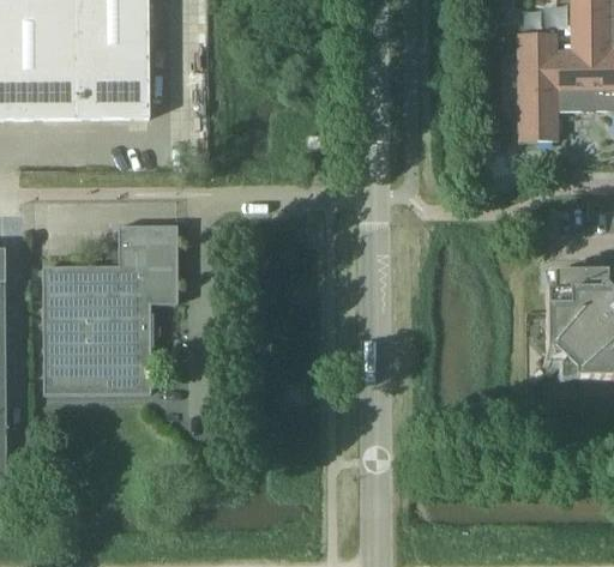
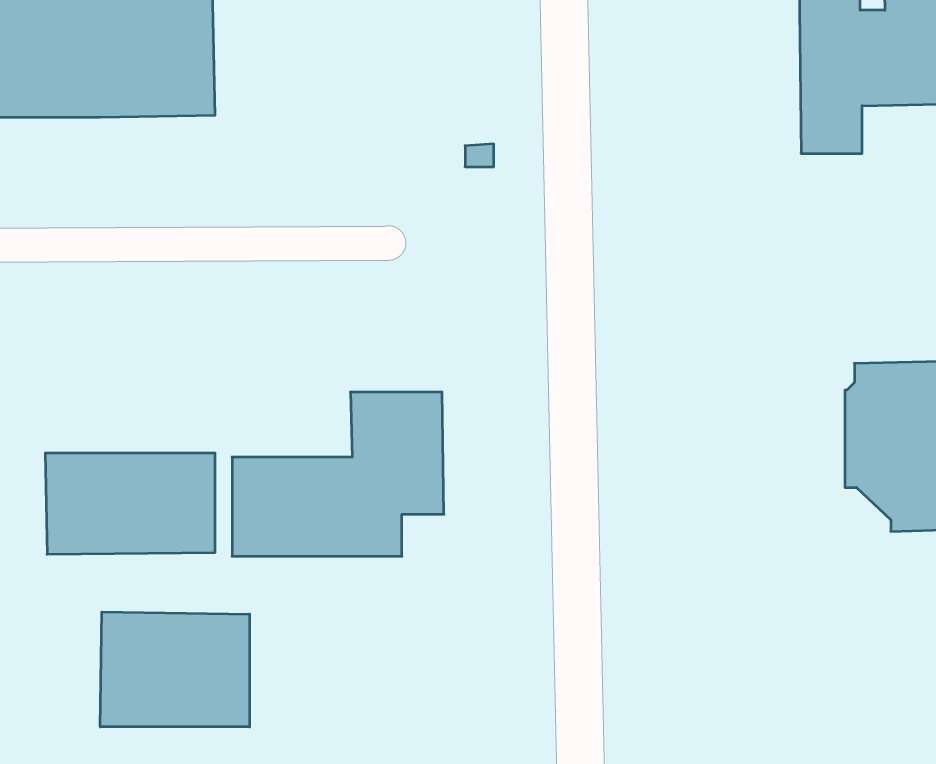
building: [44,225,177,328] -> [232,392,444,556]
building: none -> [100,612,250,727]

